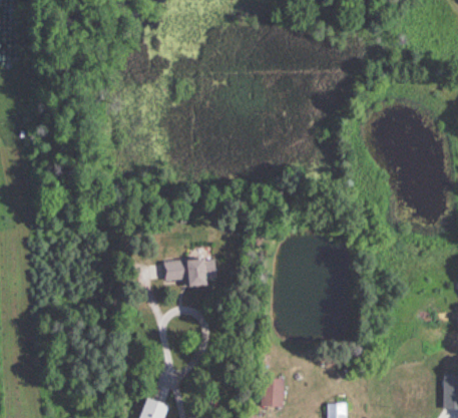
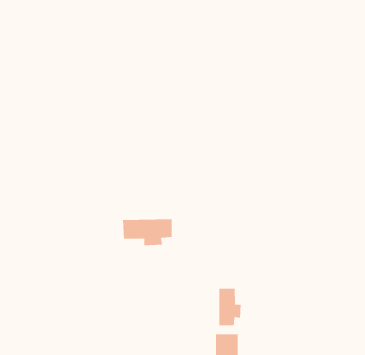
building: none -> [219,288,241,326]

